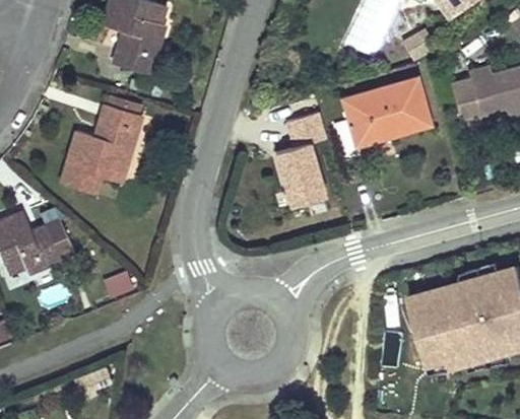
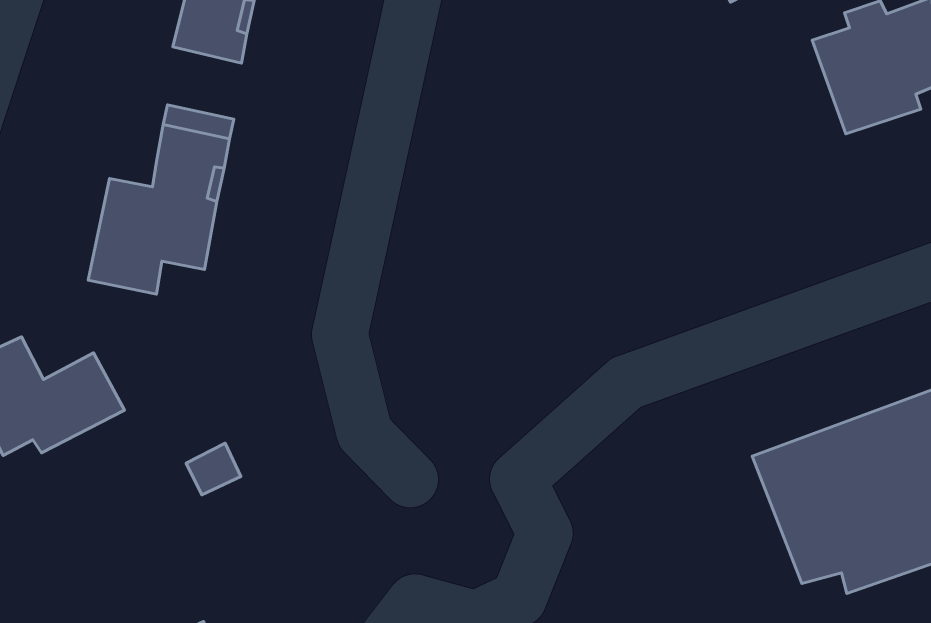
building: [333,78,429,160] -> none
building: [275,116,324,206] -> none

